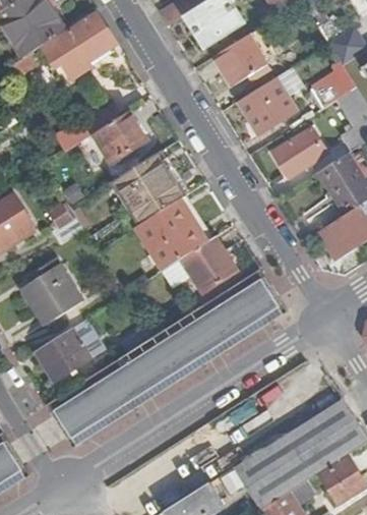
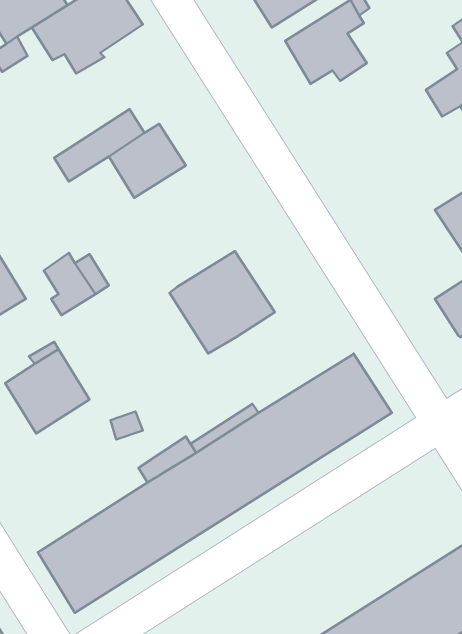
building: [239,79,295,134] -> none
building: [271,127,327,179] -> none
building: [113,155,184,225] -> none
building: [181,238,236,294] -> none
building: [35,329,89,383] -> none

